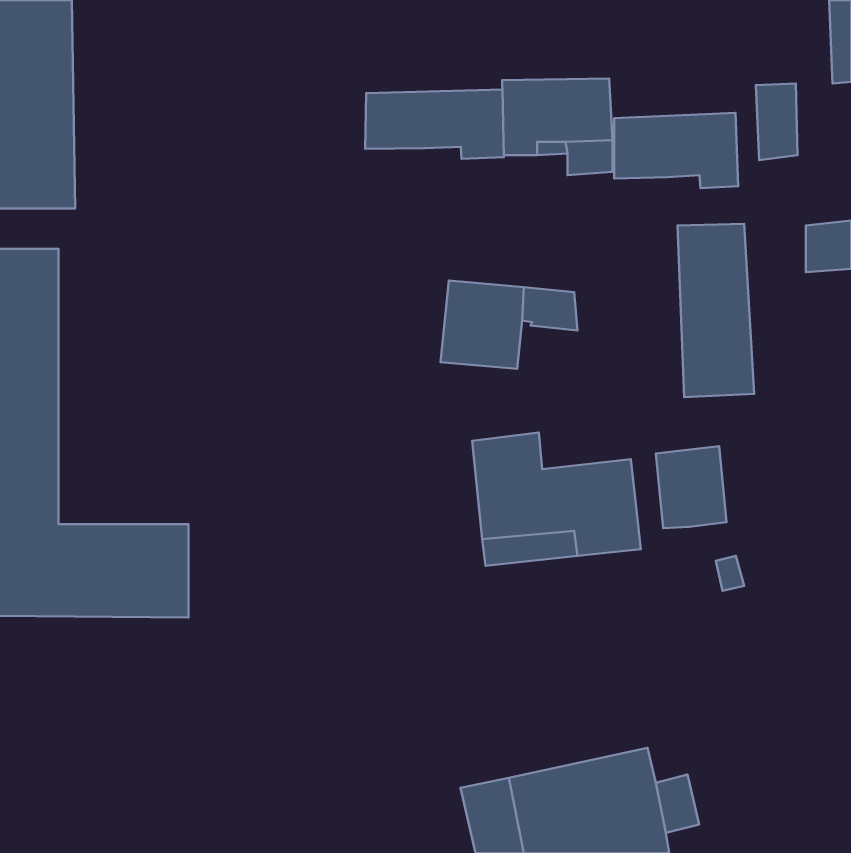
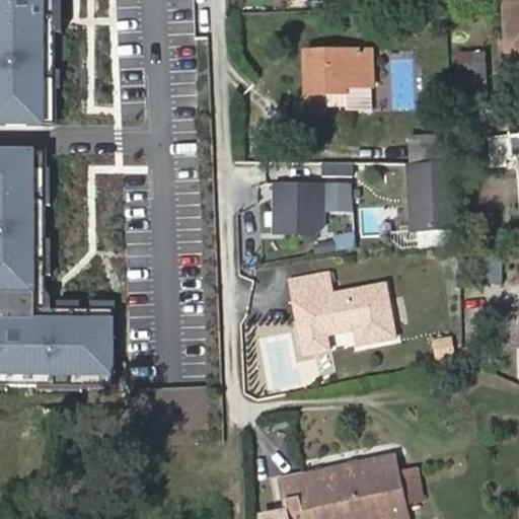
building: [365,89,504,159] -> none
building: [614,113,738,188] -> none
building: [656,446,727,528] -> none

